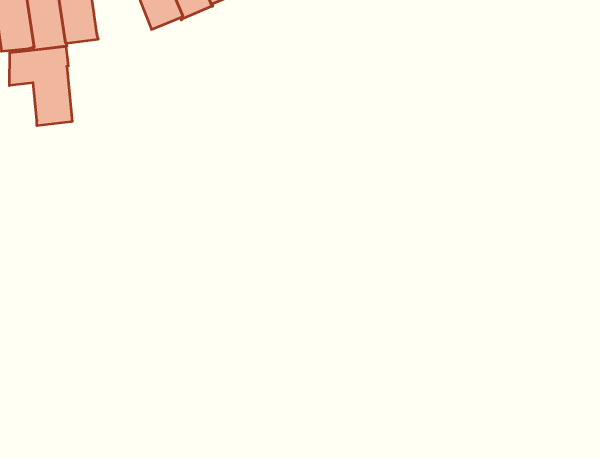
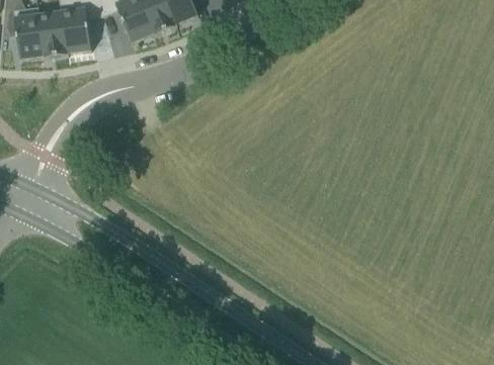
building: [9,46,72,126] -> none

